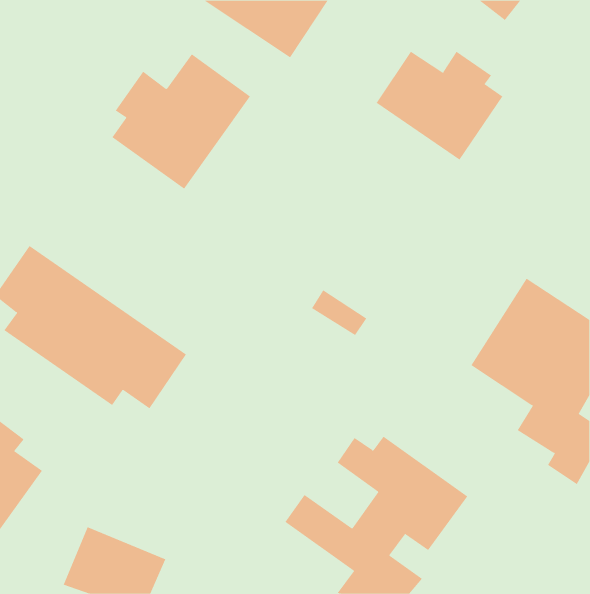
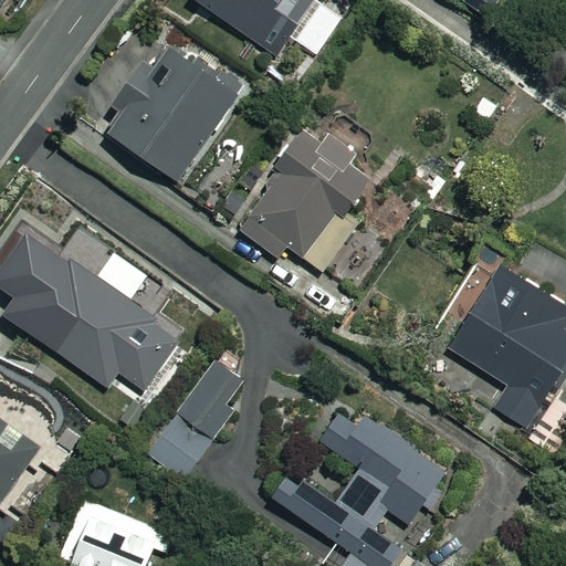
building: [376,51,503,160] -> none
building: none -> [234,129,386,271]
building: none -> [146,359,247,486]

